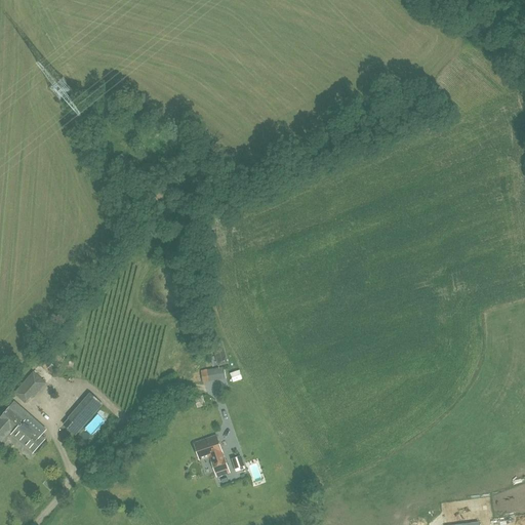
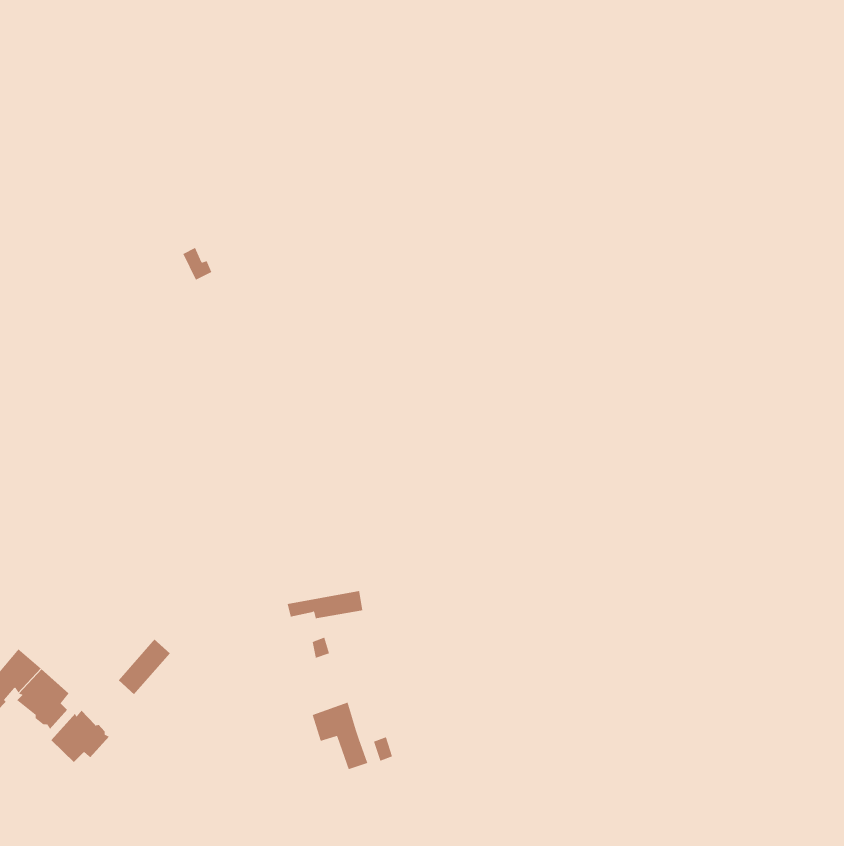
building: [10,370,44,406] -> none
building: none -> [50,710,110,763]

